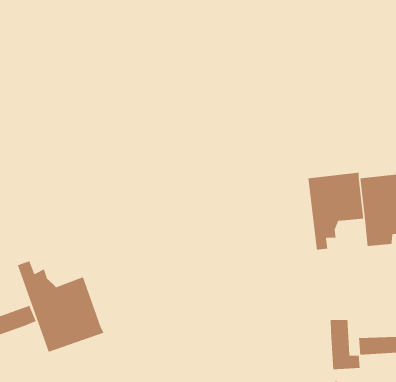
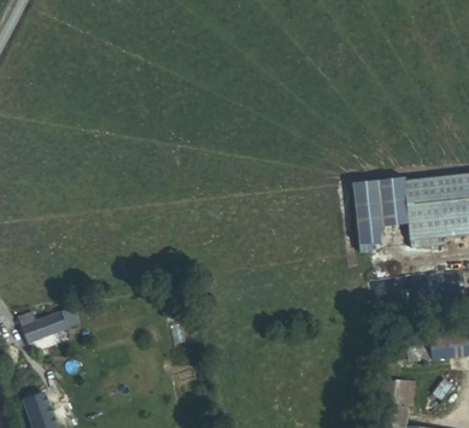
building: [17,260,104,353] -> none
building: [330,319,361,370] -> none

